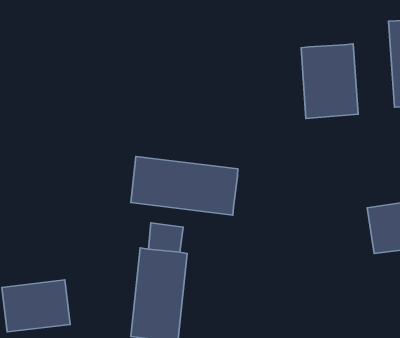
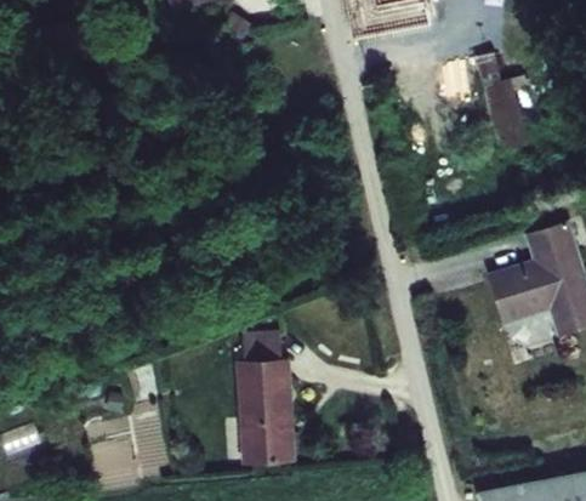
building: [301,44,358,118] -> none
building: [131,156,238,215] -> none

